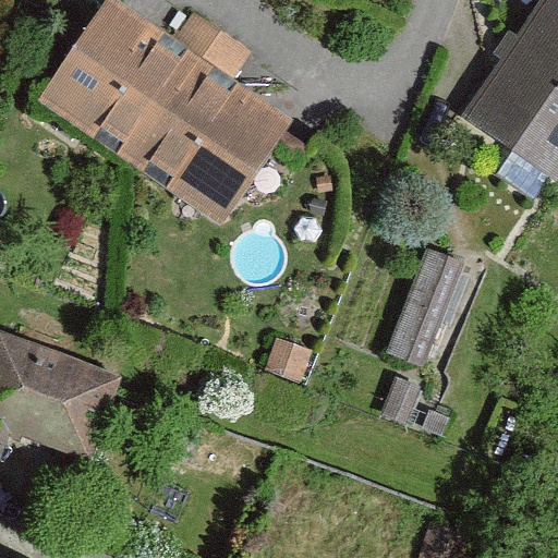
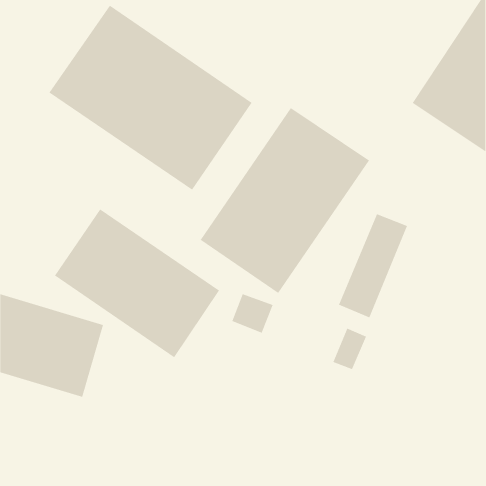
building: none -> [200,107,370,294]
building: none -> [54,209,220,358]

